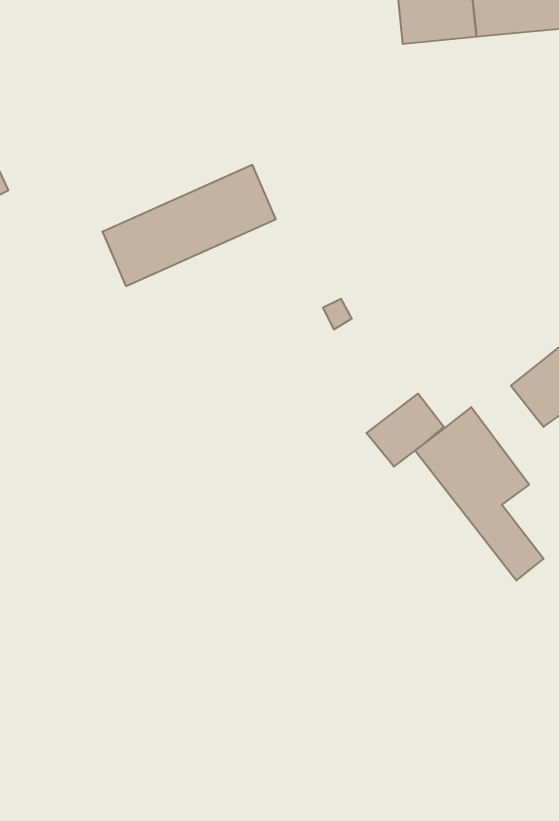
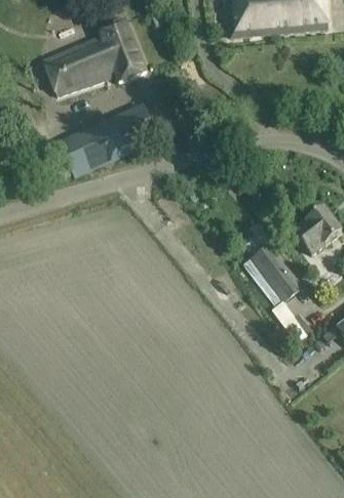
building: none -> [42,22,145,99]
building: [366,394,444,467] -> none

